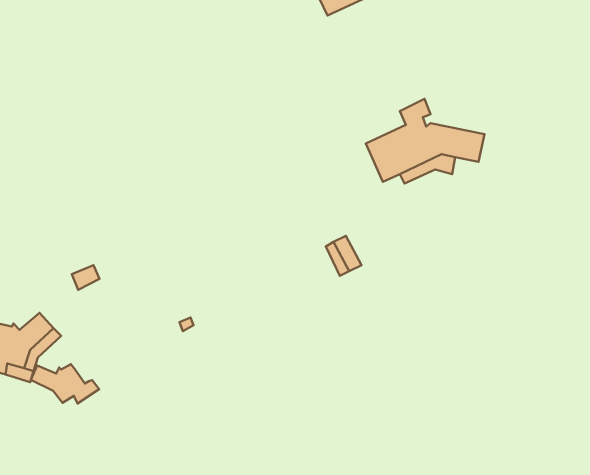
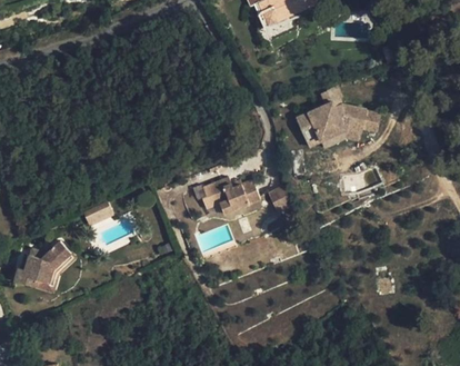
building: none -> [202,179,259,212]
building: [31,364,99,403] -> none

